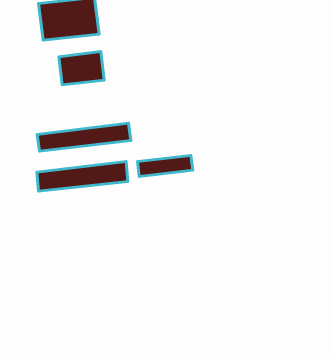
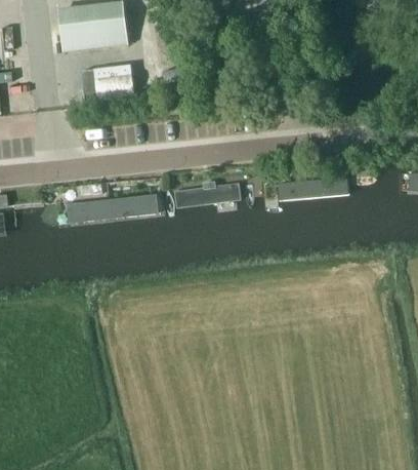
building: [37,123,131,151] -> none
building: none -> [283,177,356,200]

